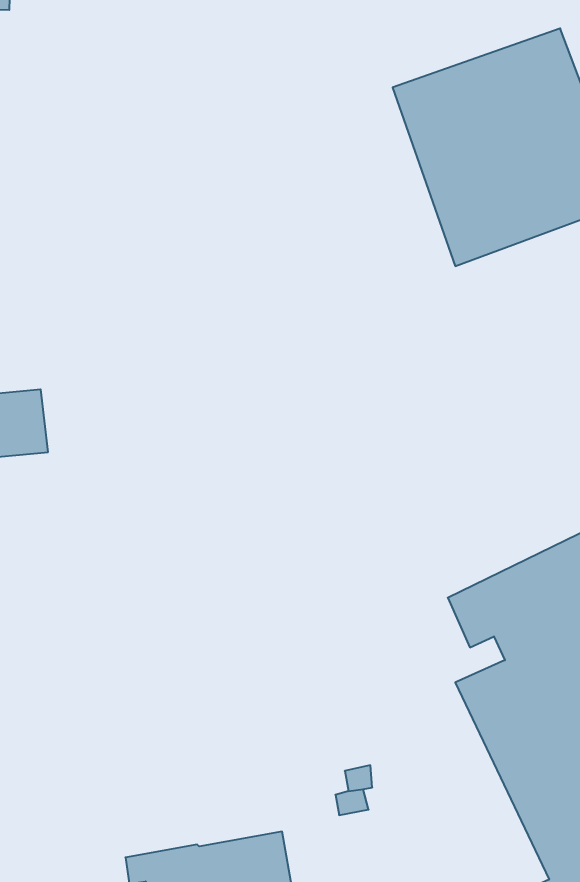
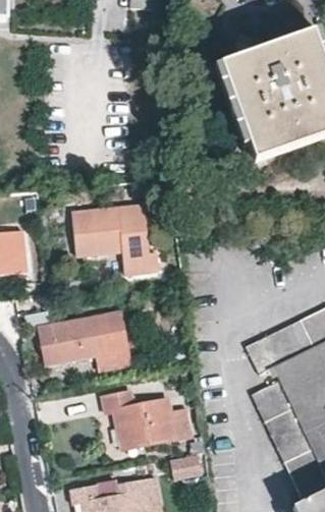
building: none -> [71,204,160,272]
building: none -> [40,315,126,366]
building: none -> [104,391,189,448]

